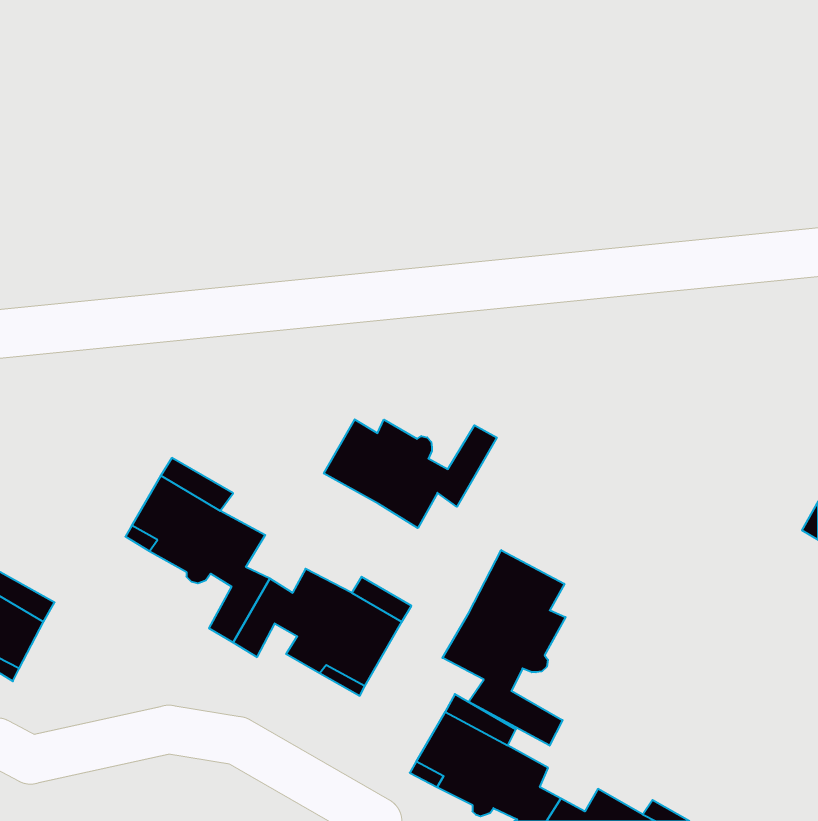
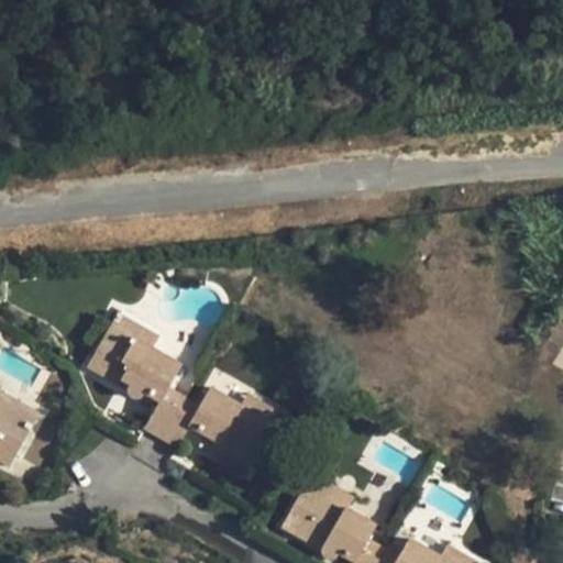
building: [324,419,497,528] -> none
building: [442,550,566,746] -> none

